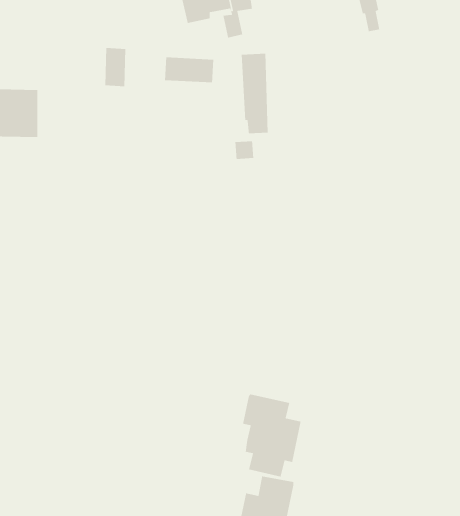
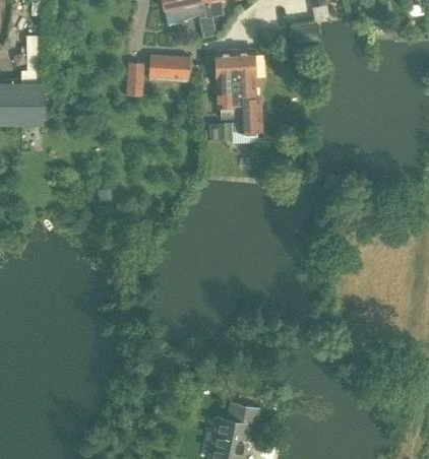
building: [104,47,126,87] -> [126,64,144,97]
building: none -> [230,50,257,139]
building: [242,393,302,477] -> none

